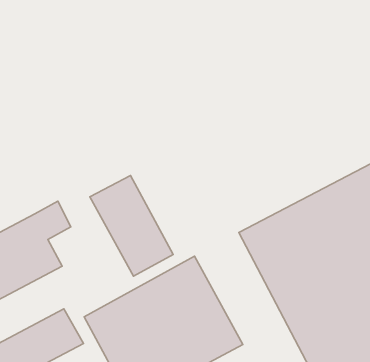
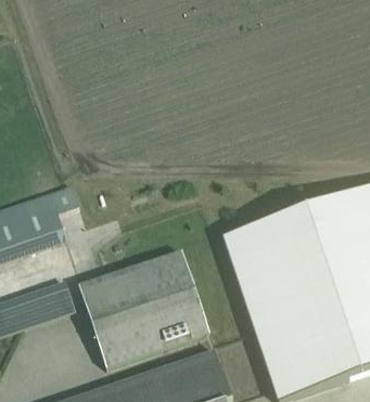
building: [90,175,173,276] -> none

